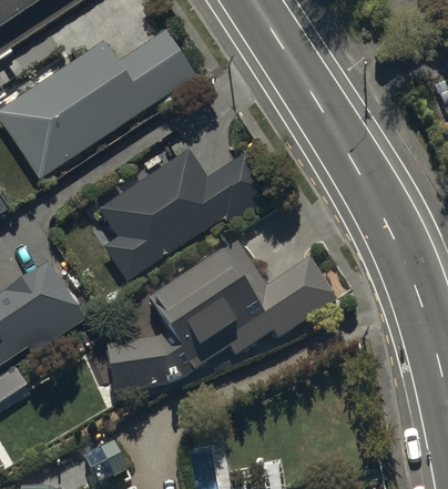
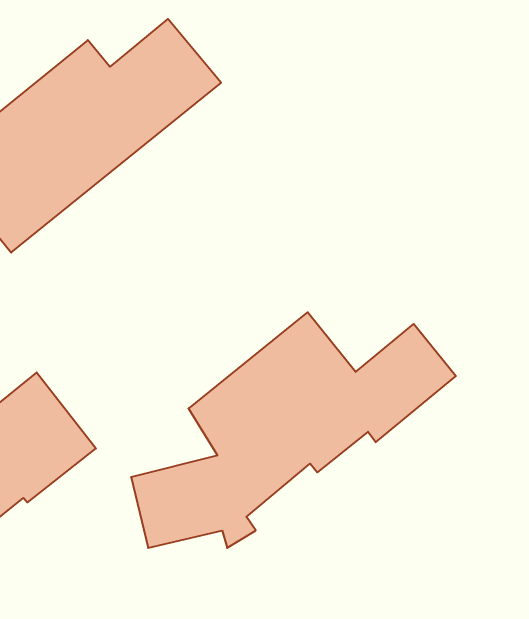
building: [88,149,275,294] -> none

